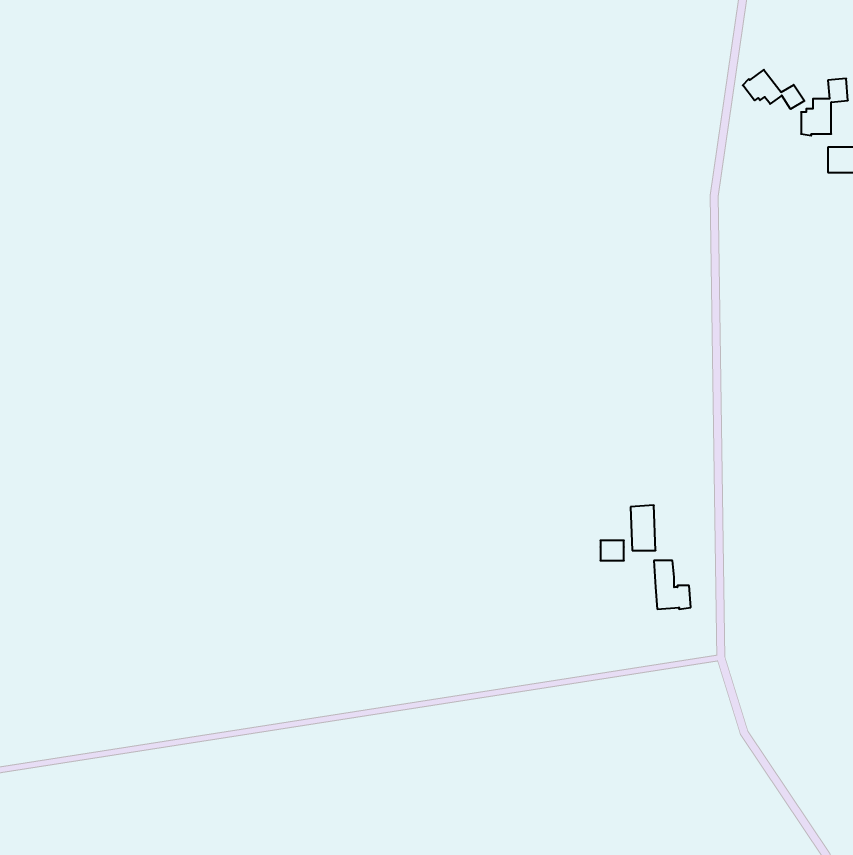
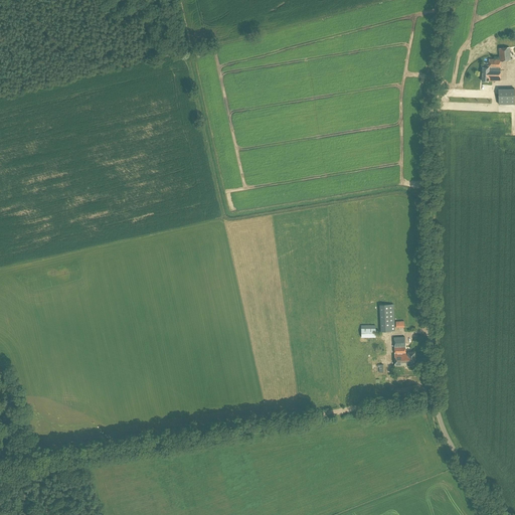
building: [743,70,804,109] -> none

